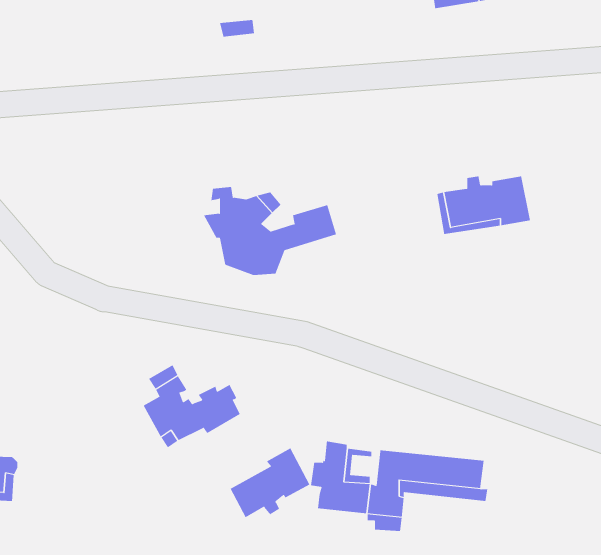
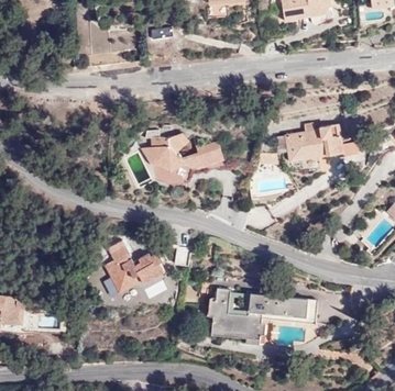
building: [230,447,310,518] -> none

